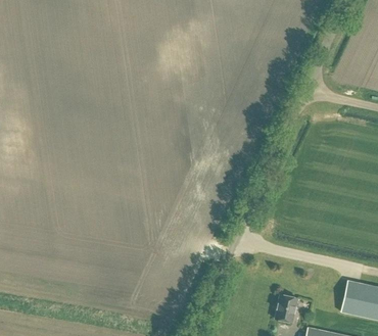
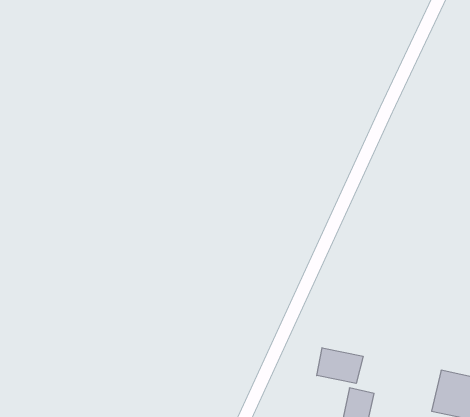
building: none -> [317,348,363,383]

